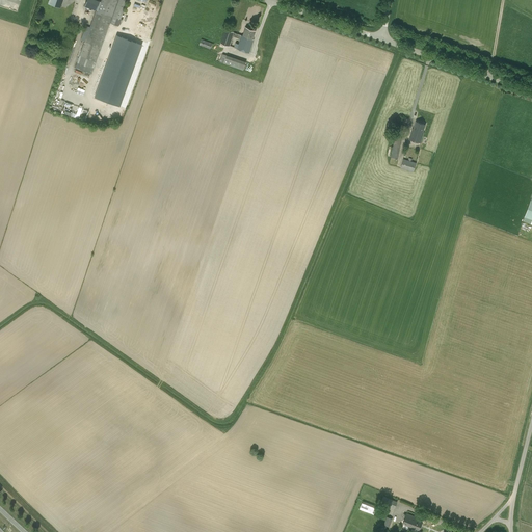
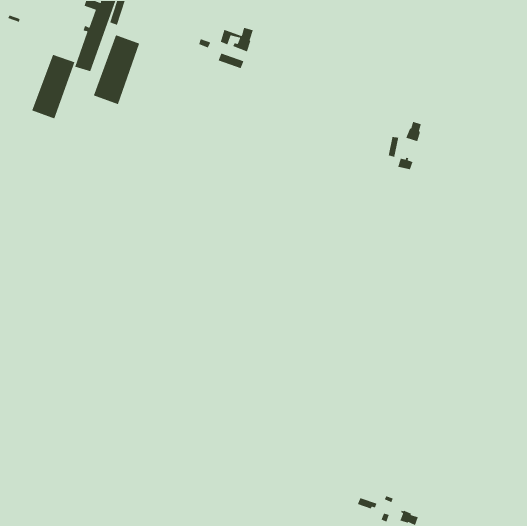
building: none -> [31,54,75,119]

